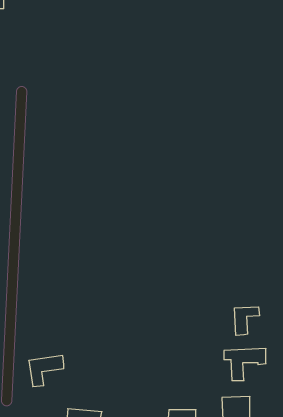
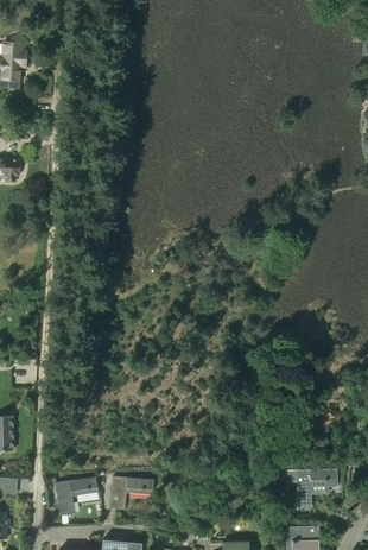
building: [235,307,259,335] -> none
building: none -> [110,475,153,508]

